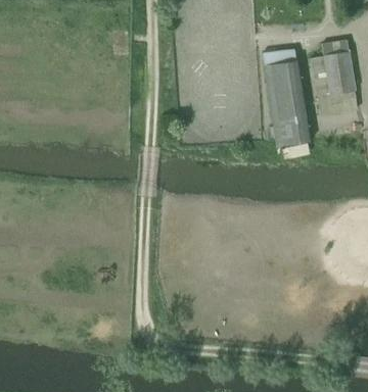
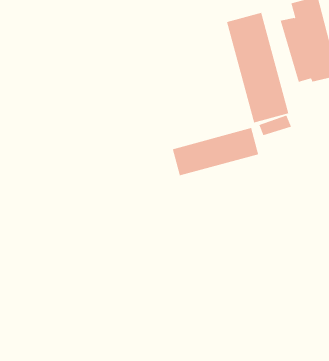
building: none -> [172,127,259,176]

